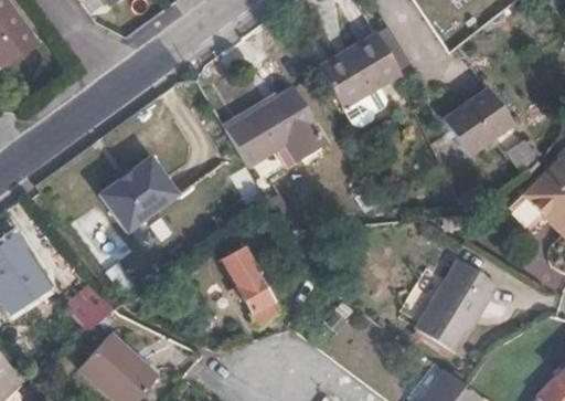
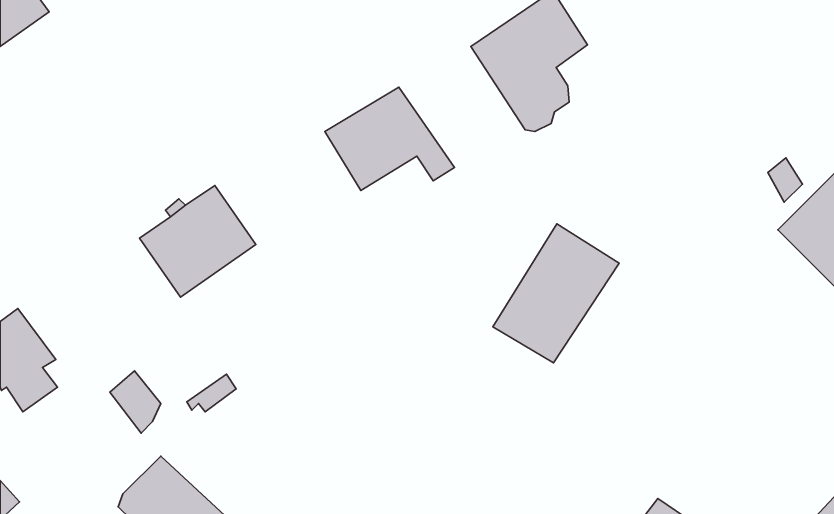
building: [270,80,323,146] -> none
building: [446,83,519,151] -> none
building: [222,247,278,324] -> none
building: [418,256,503,350] -> [493,224,619,363]

